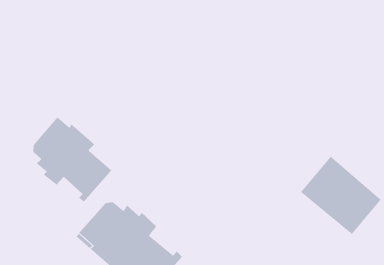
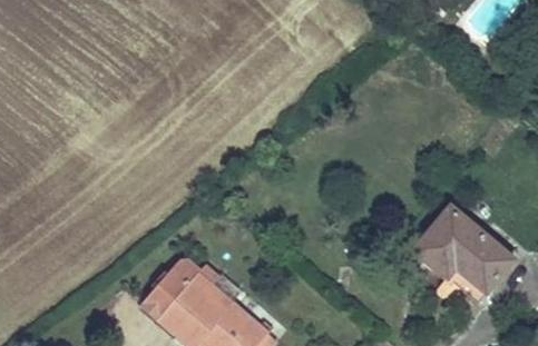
building: [33,117,112,202] -> none

